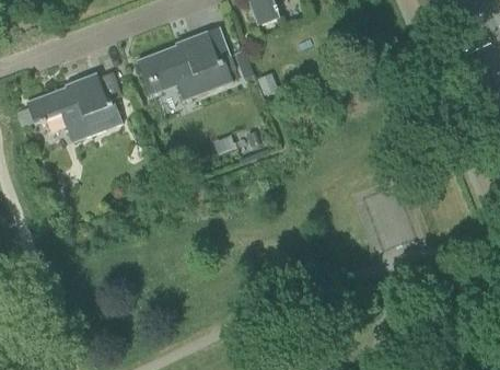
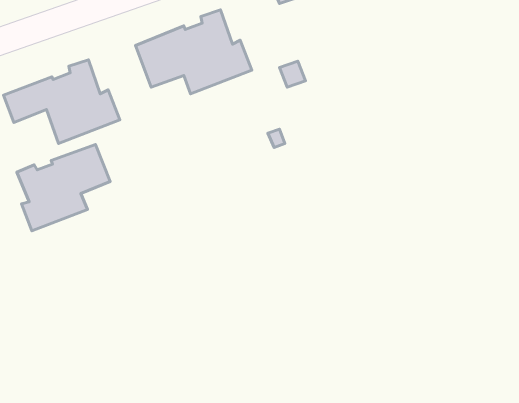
building: none -> [17,145,110,231]

